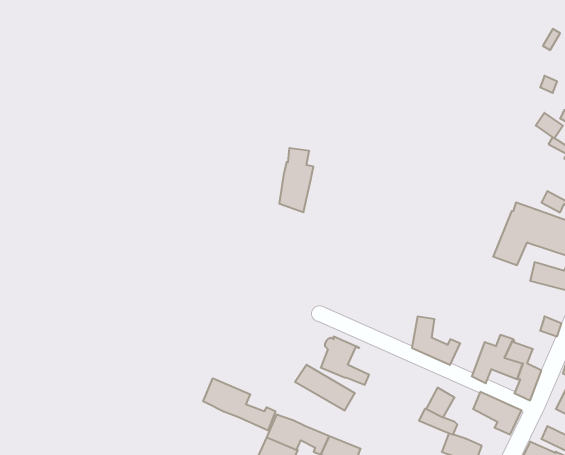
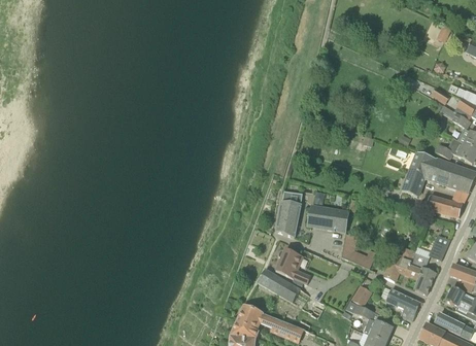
building: [279,148,313,212] -> [276,189,301,236]
building: none -> [307,204,349,232]
building: [203,378,275,430] -> none

